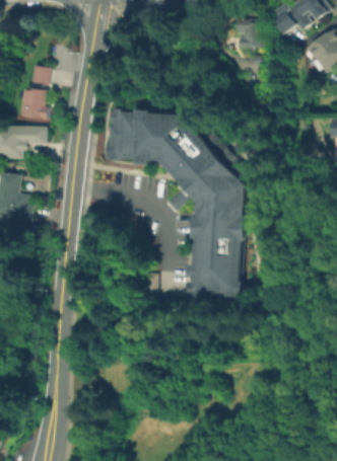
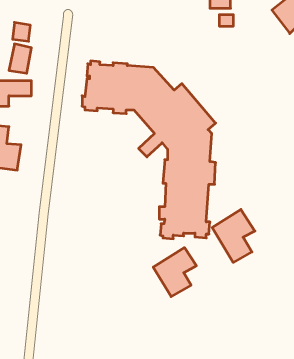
building: none -> [212,209,255,262]
building: none -> [153,248,196,297]

